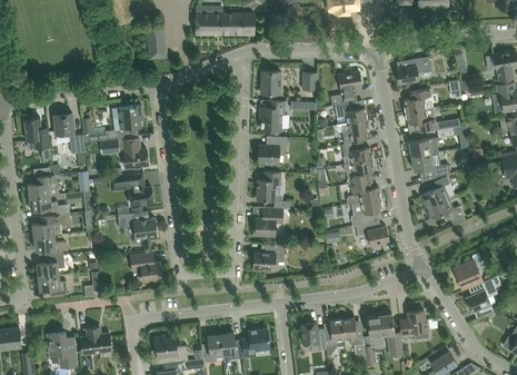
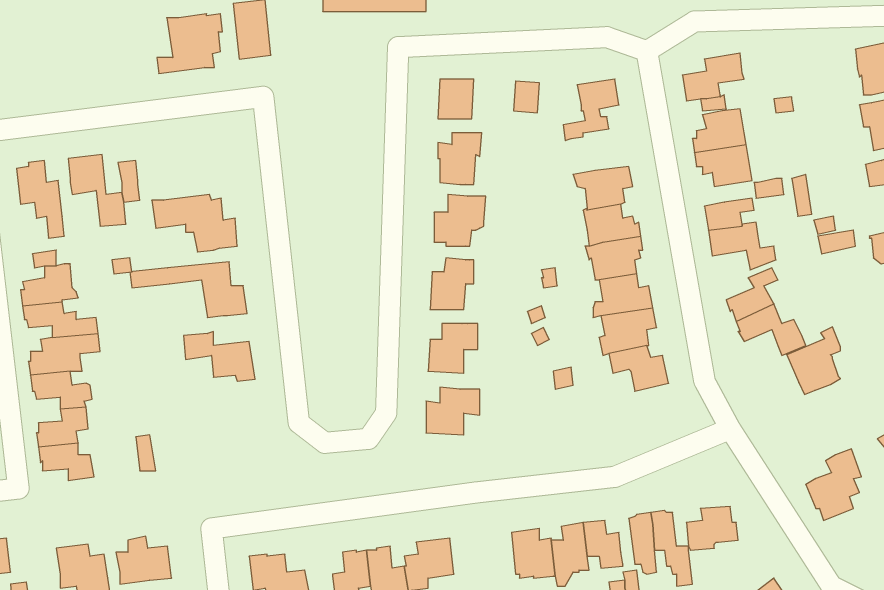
building: [335,101,367,122] -> none
building: [106,106,142,139] -> [157,14,222,73]
building: [130,253,162,282] -> none
building: [453,253,483,290] -> [787,327,840,394]

